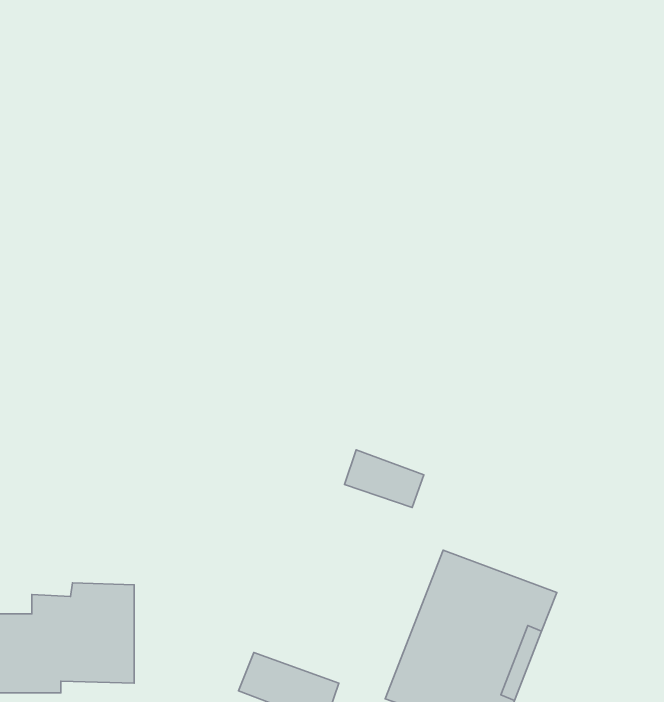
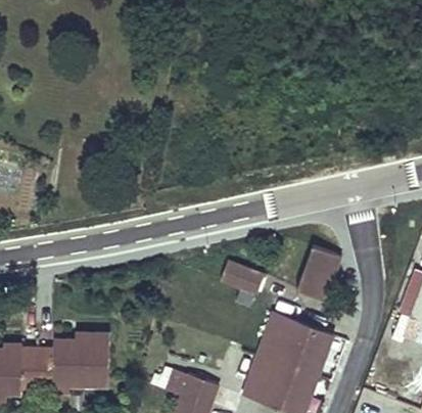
building: none -> [297,246,342,301]

